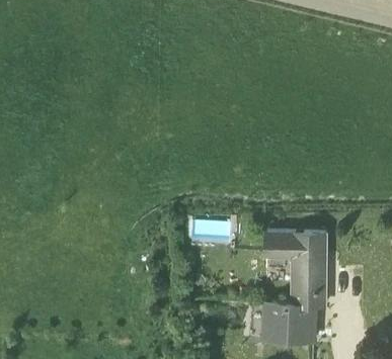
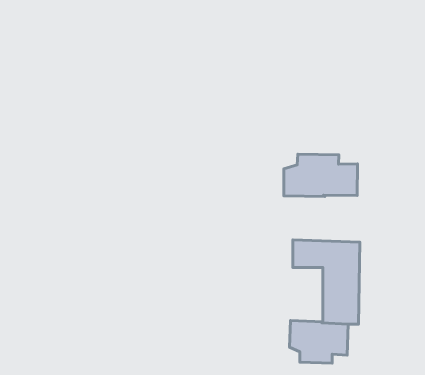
building: none -> [284,154,358,197]

